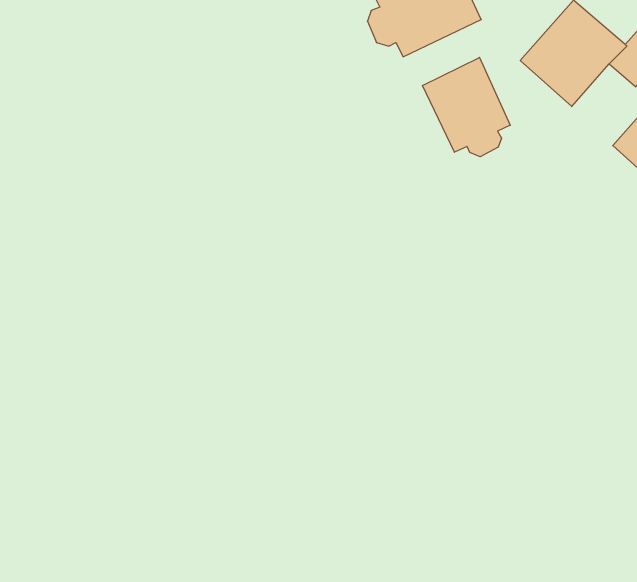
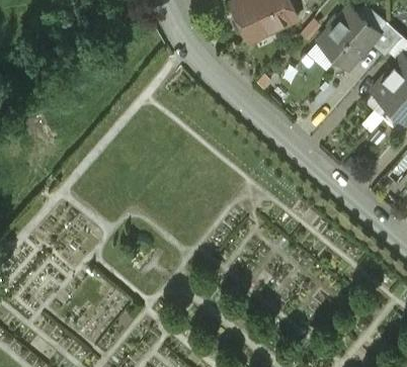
building: [423,57,510,157] -> none

